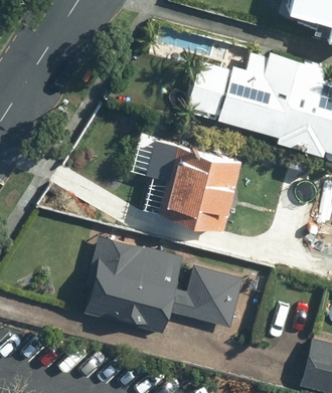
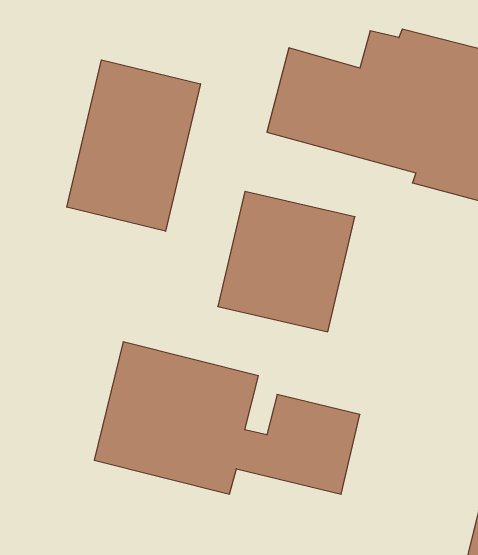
building: none -> [67,60,200,231]

